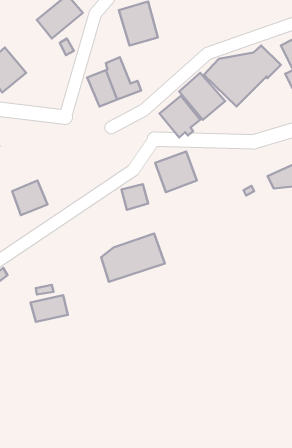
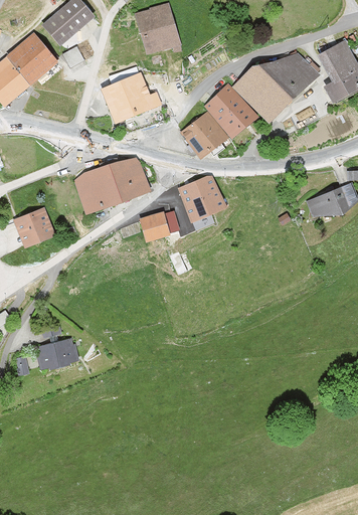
building: none -> [6,32,58,84]
building: [101,233,165,282] -> [75,156,148,211]

